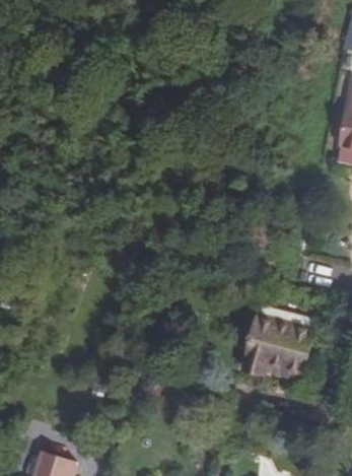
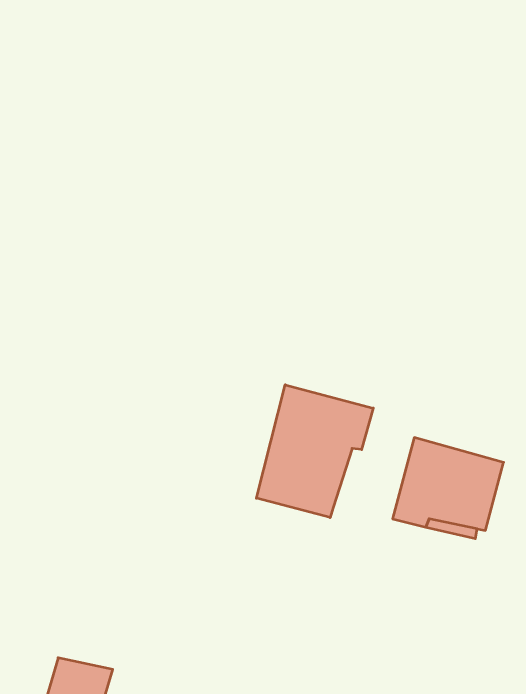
building: none -> [256,385,373,518]

